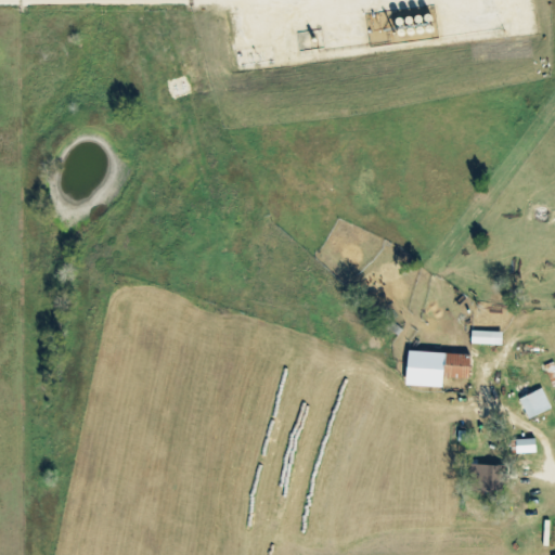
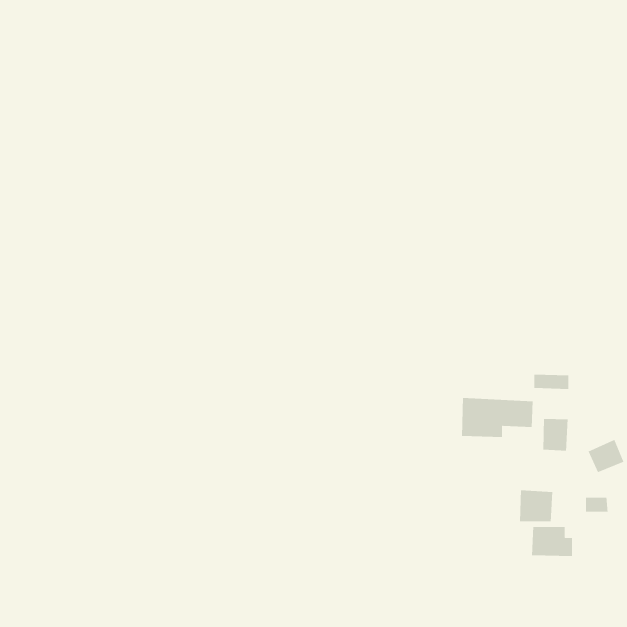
building: none -> [543,418,569,451]
building: none -> [519,489,553,522]

